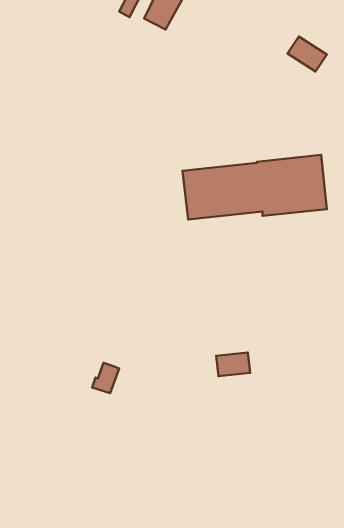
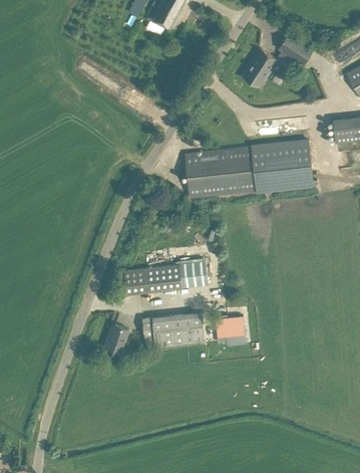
building: none -> [241,48,276,87]
building: none -> [122,261,207,293]
building: none -> [140,311,204,347]

